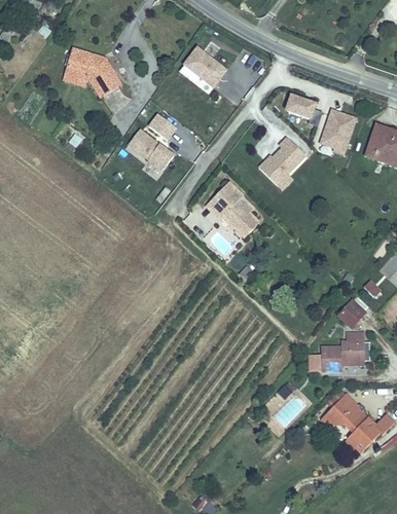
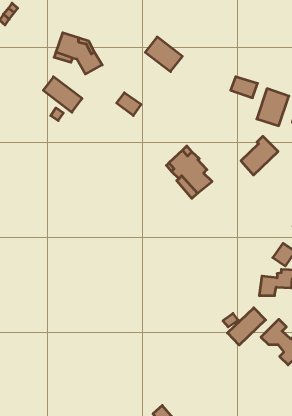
building: [127,131,174,174] -> [43,77,82,112]
building: [263,140,309,187] -> [241,136,278,175]
building: none -> [227,308,266,345]

